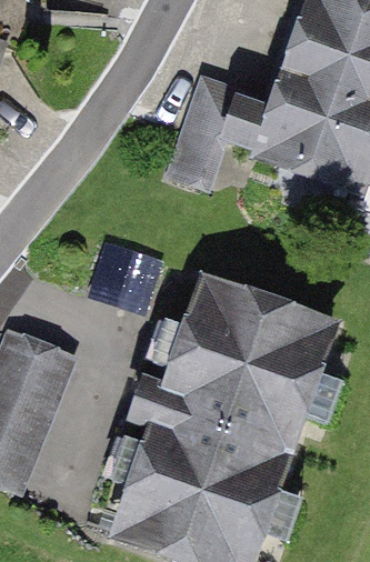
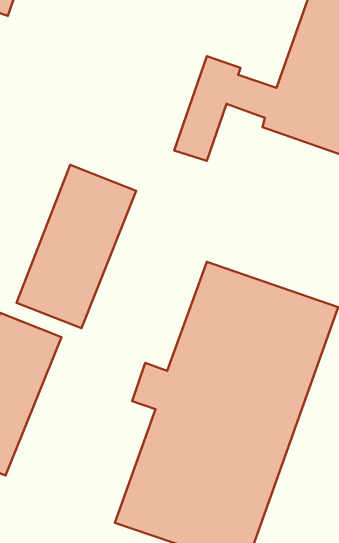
building: none -> [17,165,136,328]

